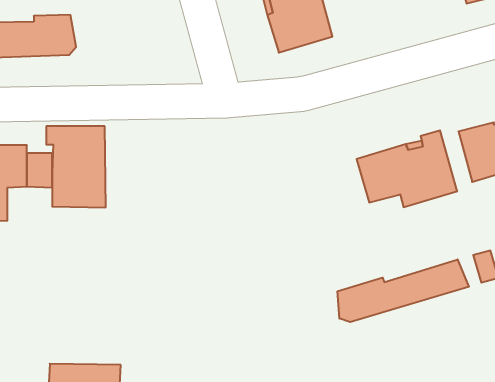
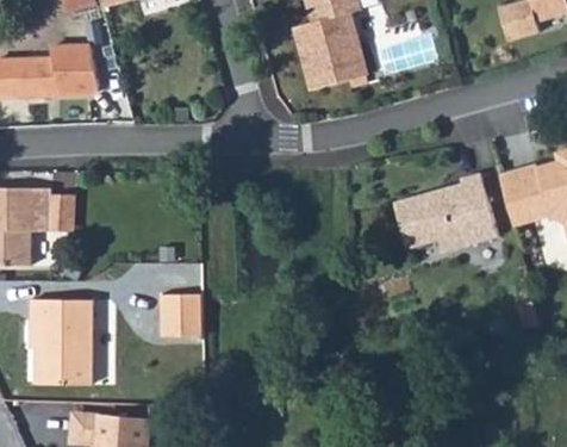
building: [46,126,106,207] -> [30,299,92,384]
building: none -> [160,293,201,335]
building: [337,259,469,322] -> none

